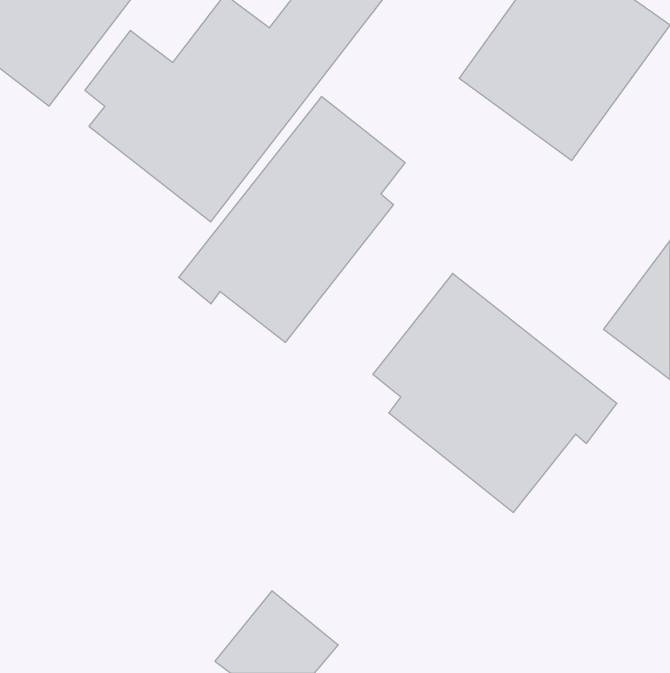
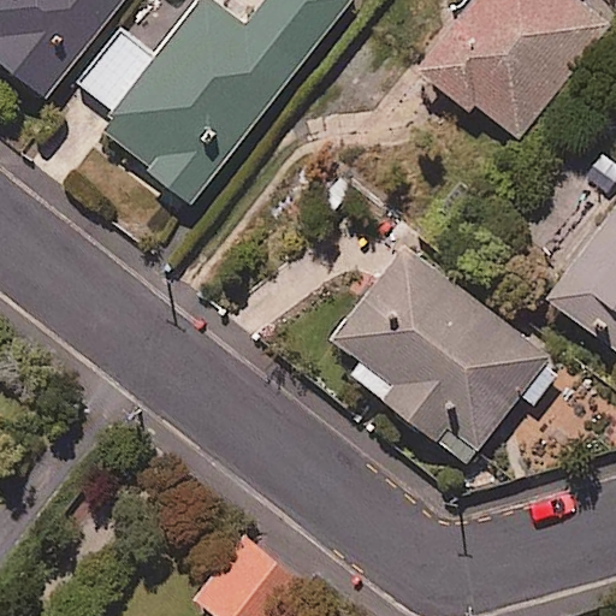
building: [179,97,405,342] -> none

